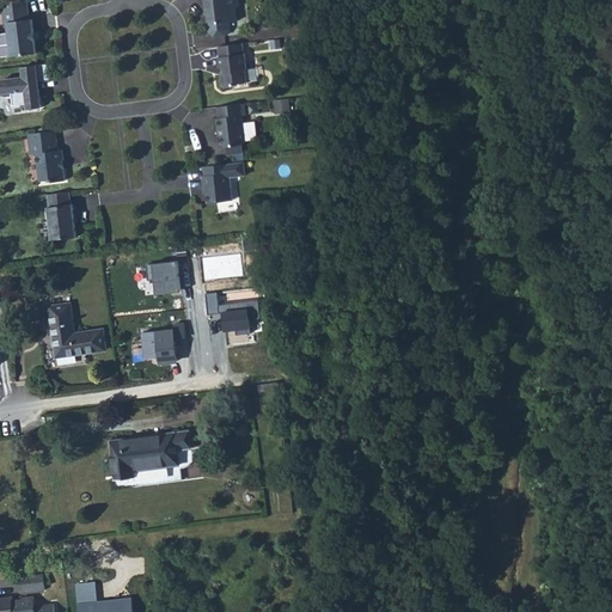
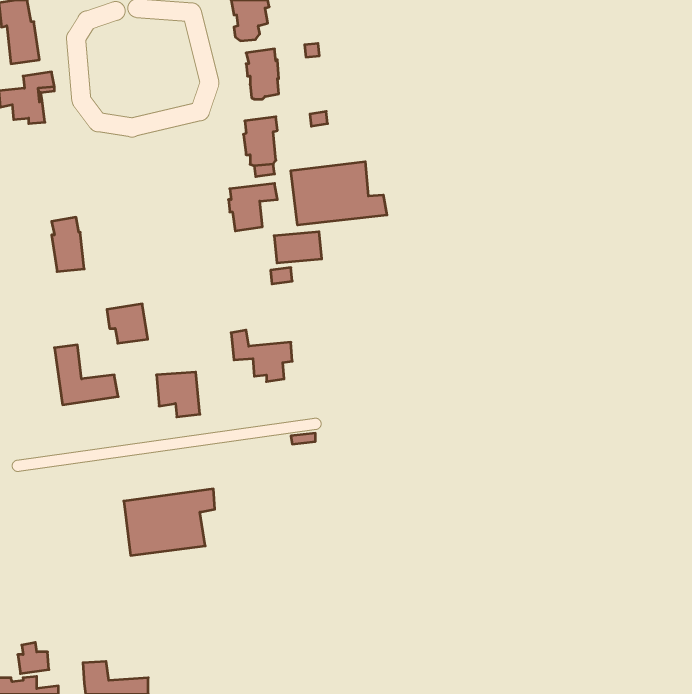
building: [26,130,63,182] -> none
building: none -> [291,162,387,225]
building: [200,253,241,281] -> [274,232,322,263]
building: [143,259,179,294] -> [107,304,148,343]

